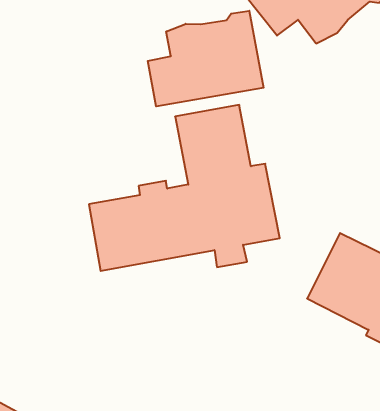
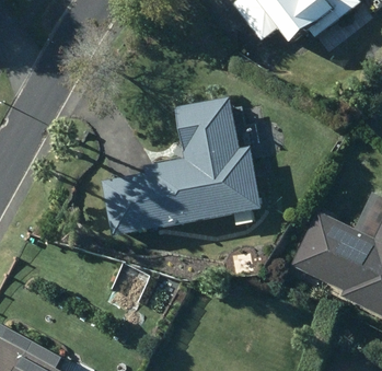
building: [148,11,264,106] -> none

